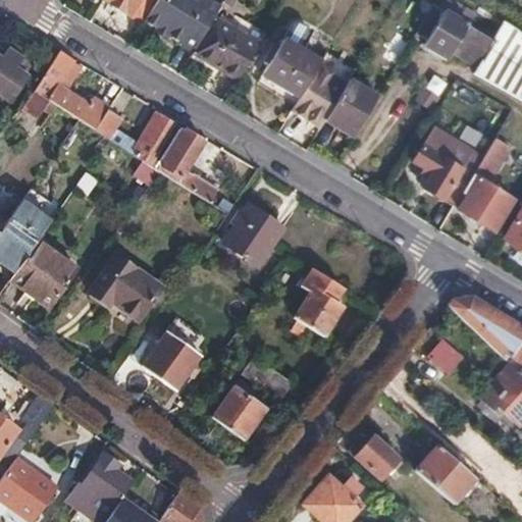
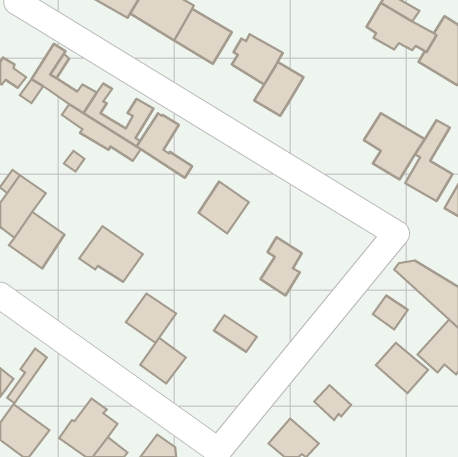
building: [327,79,379,136] -> none
building: [213,385,265,437] -> [140,338,186,384]
building: [418,445,477,502] -> [376,343,428,393]

